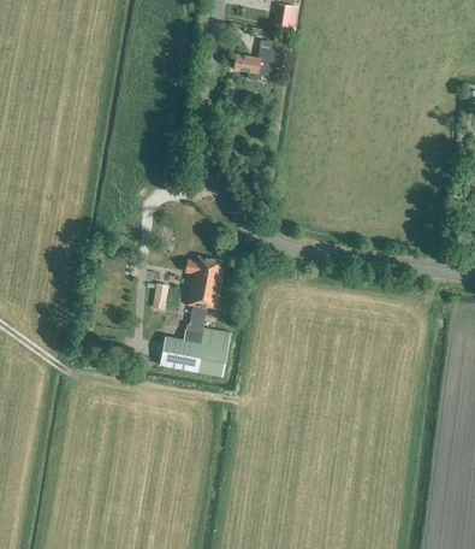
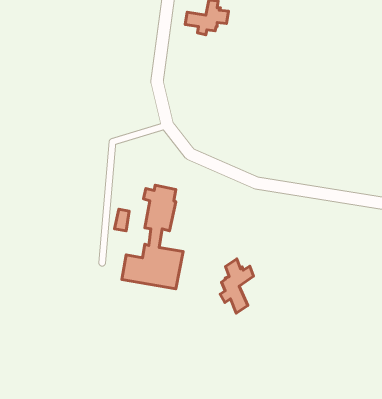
building: none -> [220,259,253,313]

